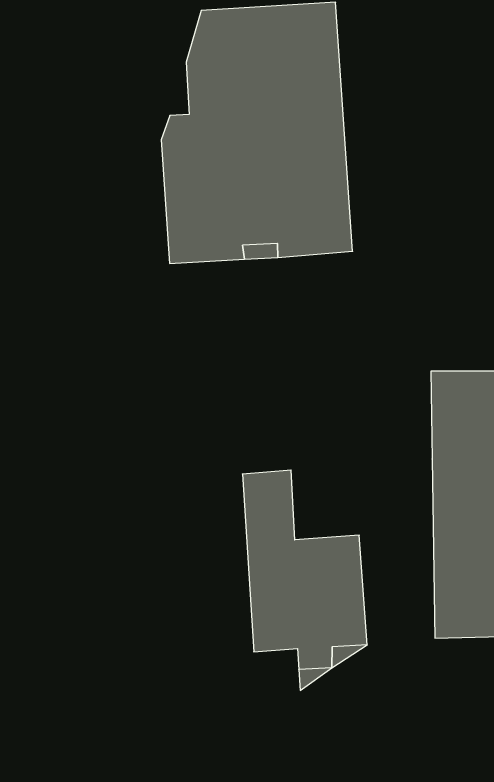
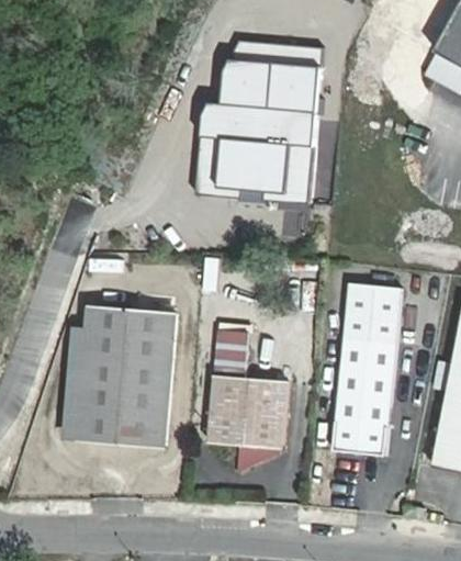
building: none -> [76,307,177,445]

